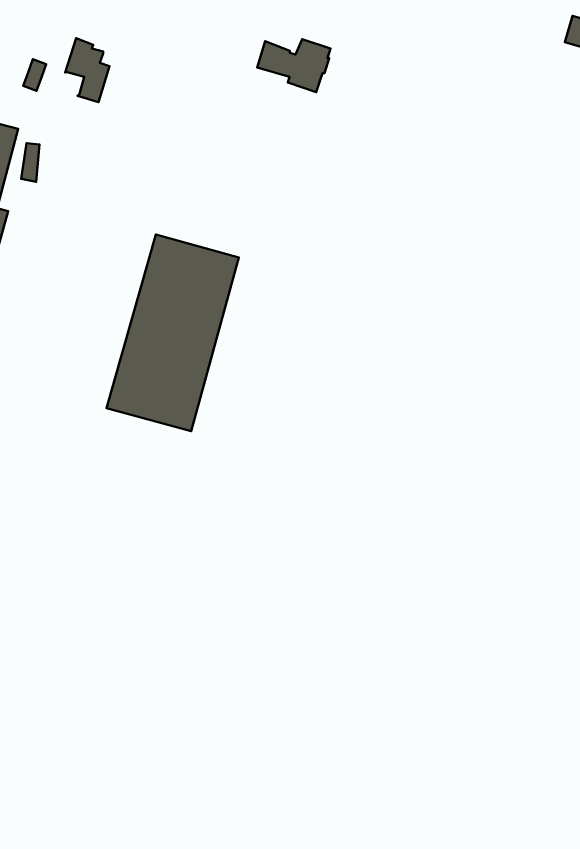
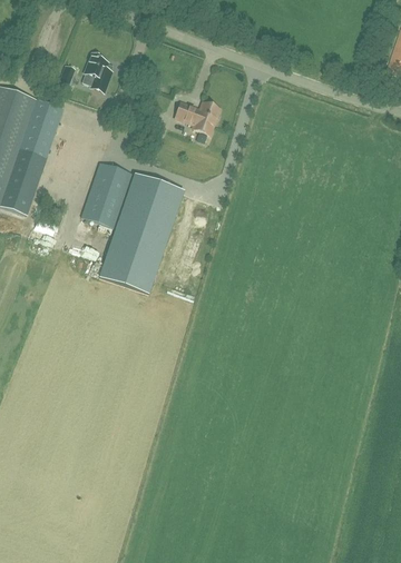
building: [257,39,331,92] -> [175,101,219,134]
building: none -> [80,162,131,227]

